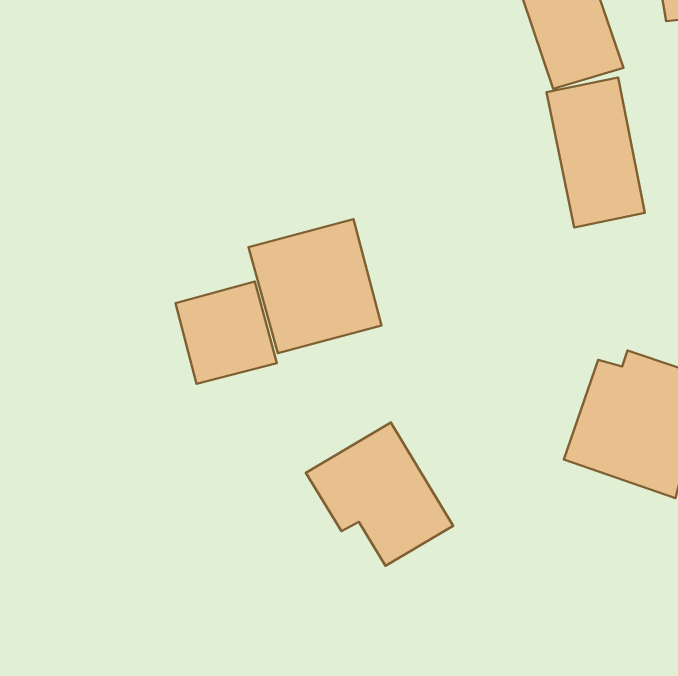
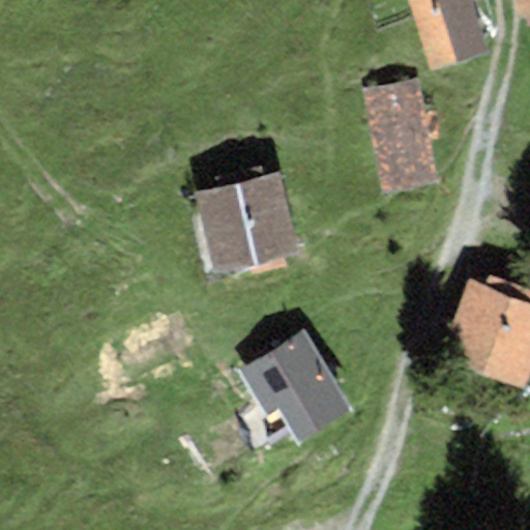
building: [546,77,645,228] -> [362,76,439,193]
building: [175,282,277,384] -> none

